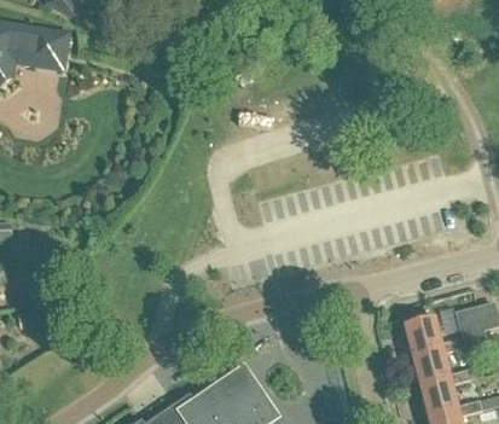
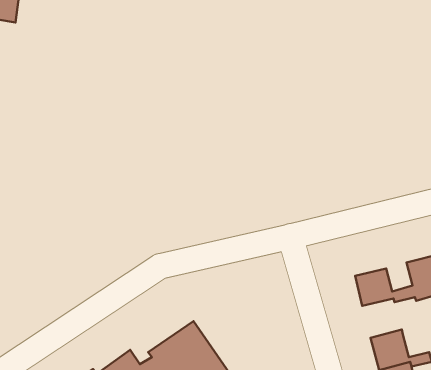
building: [412,347,475,387] -> none

